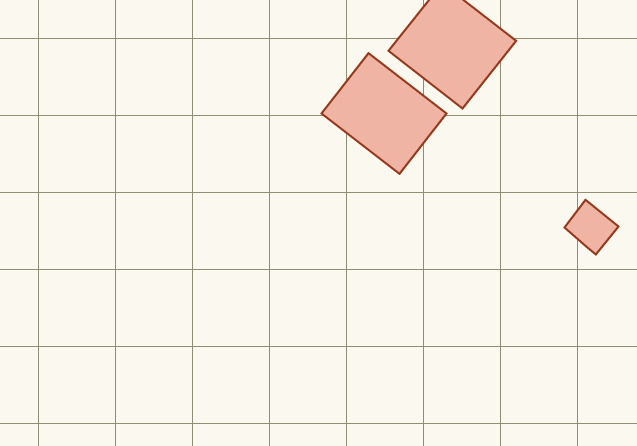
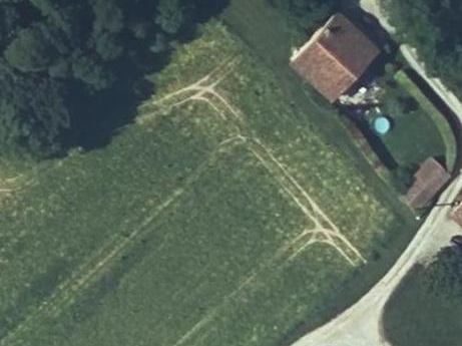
building: [321,53,446,174] -> none

